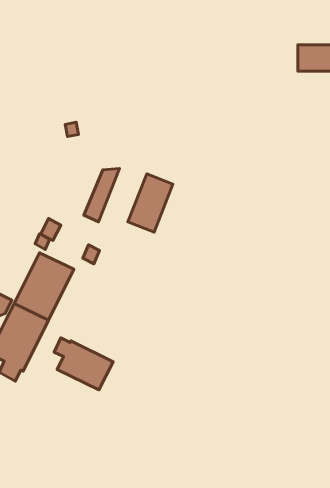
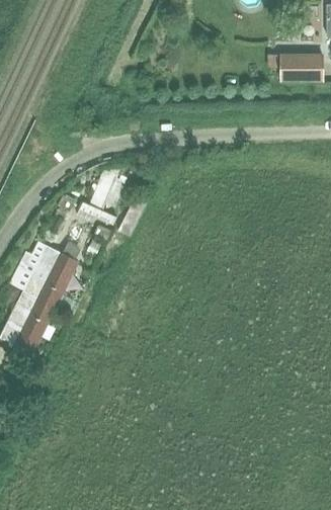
building: [128,174,173,232] -> none
building: [54,338,113,390] -> none

